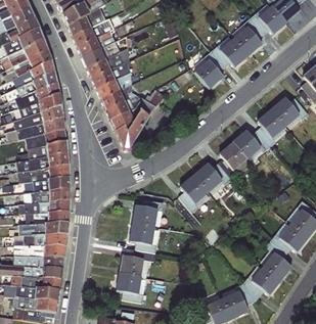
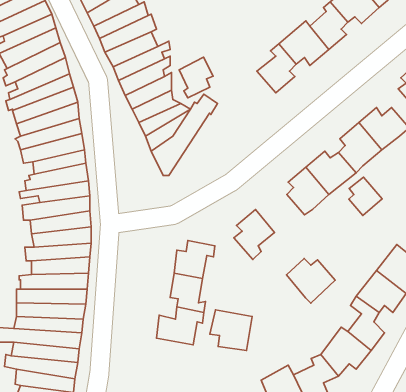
building: none -> [179,57,213,98]
building: none -> [349,177,382,216]
building: [194,161,231,195] -> [286,258,335,303]
building: [116,271,147,302] -> [210,310,252,351]

